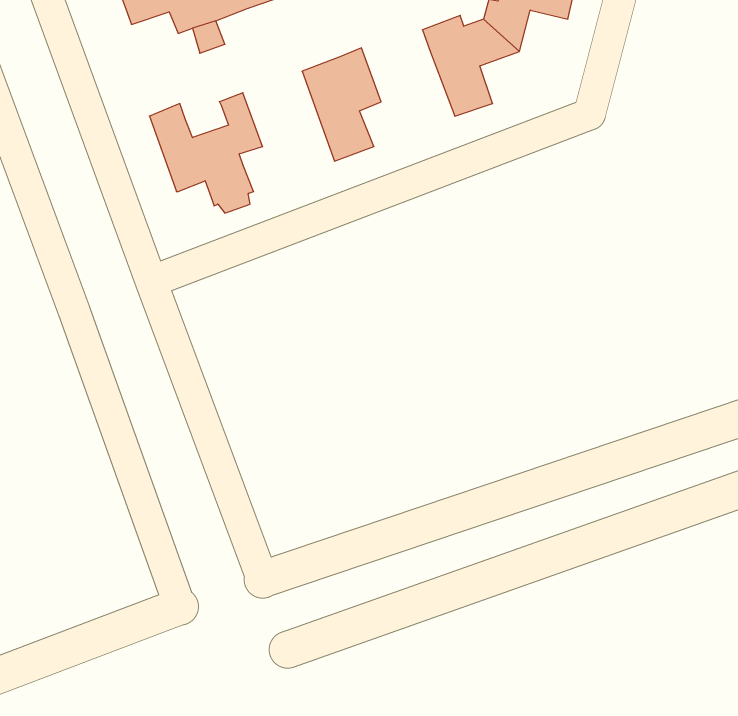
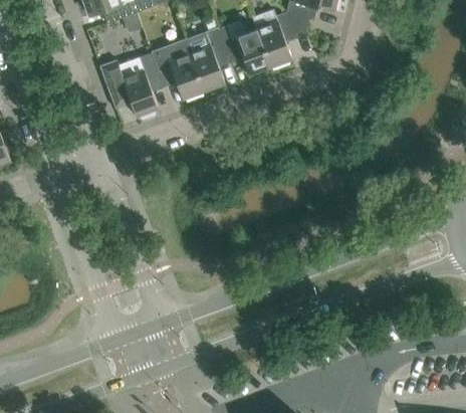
building: none -> [218,23,270,74]
building: none -> [152,41,203,99]

